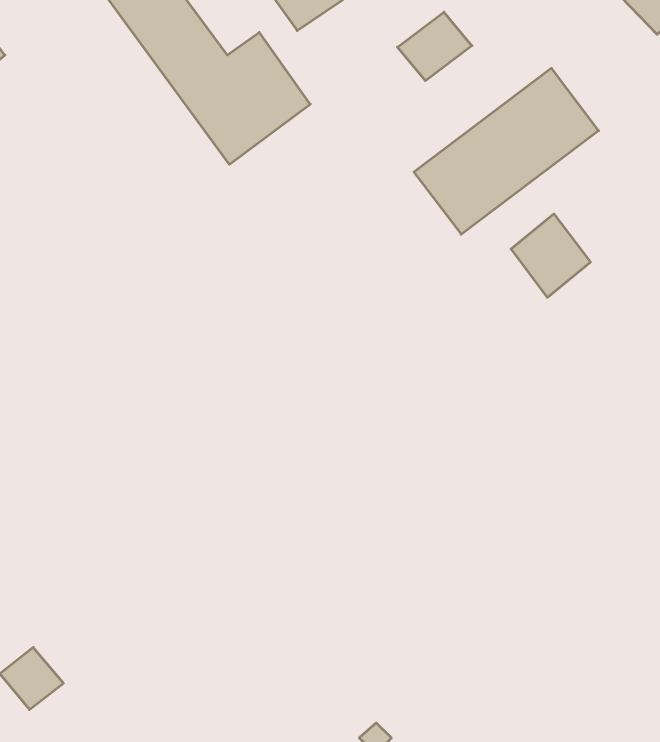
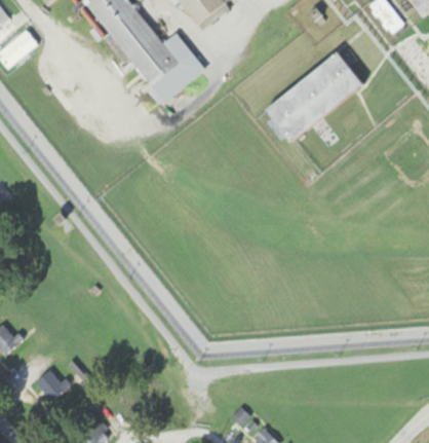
building: [397,12,472,81] -> none
building: [511,214,590,297] -> none

